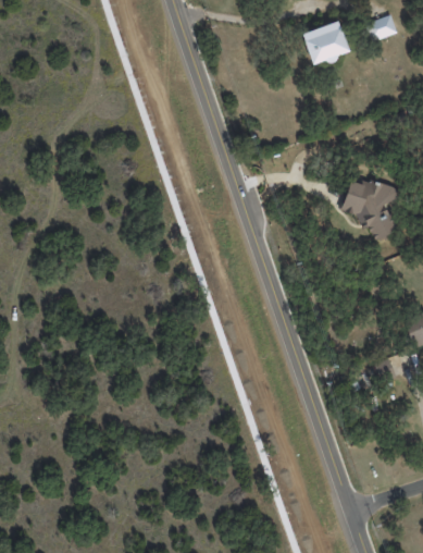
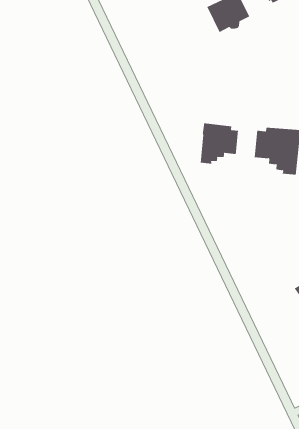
building: none -> [200,123,239,165]

